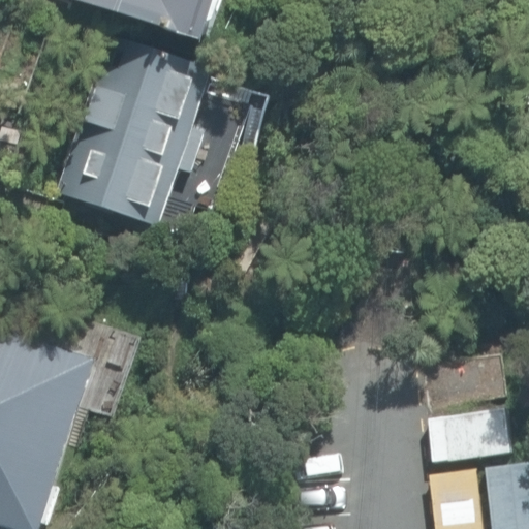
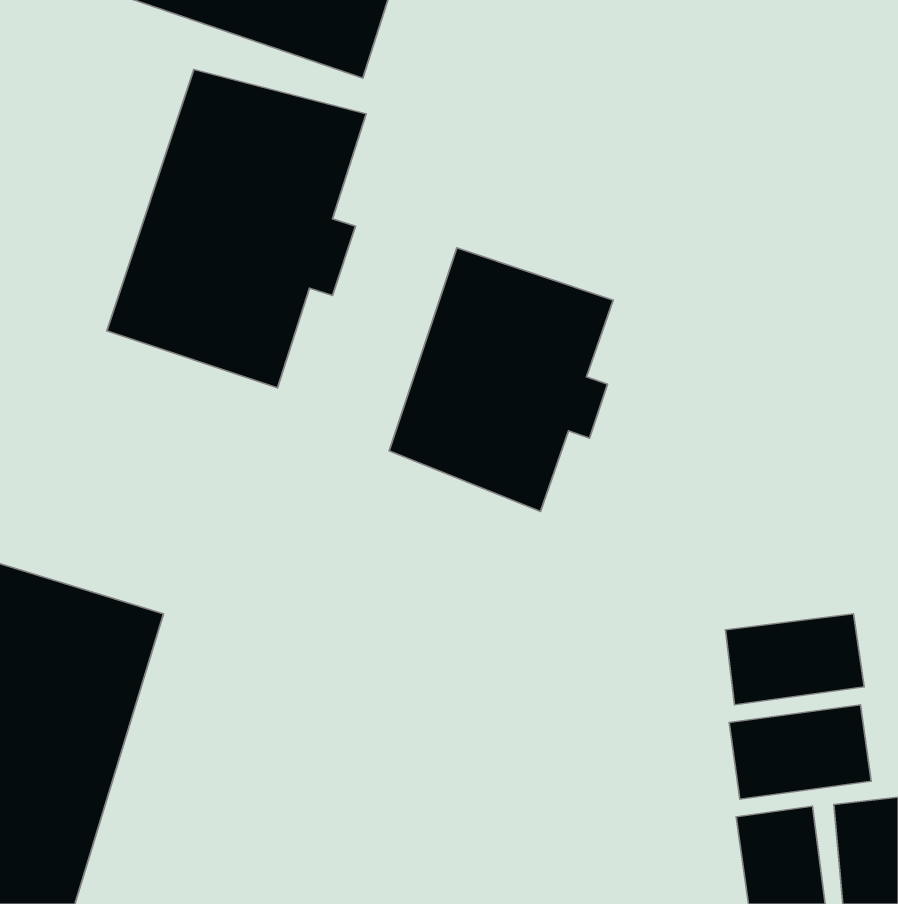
building: none -> [389,248,613,512]

